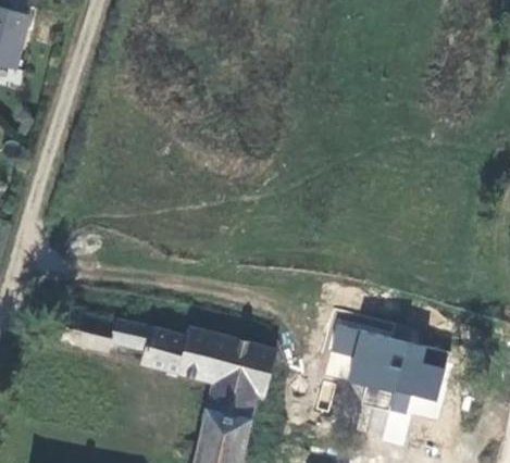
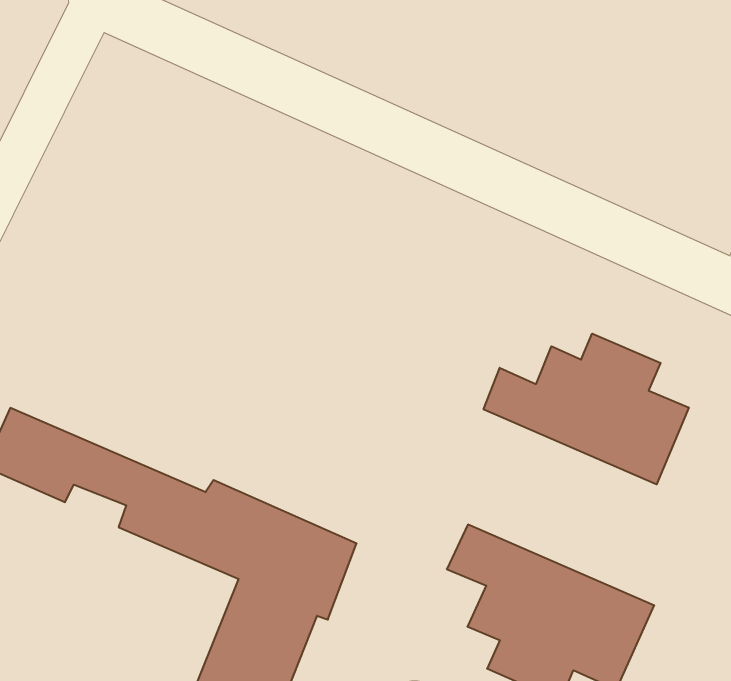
building: none -> [484,334,689,484]

